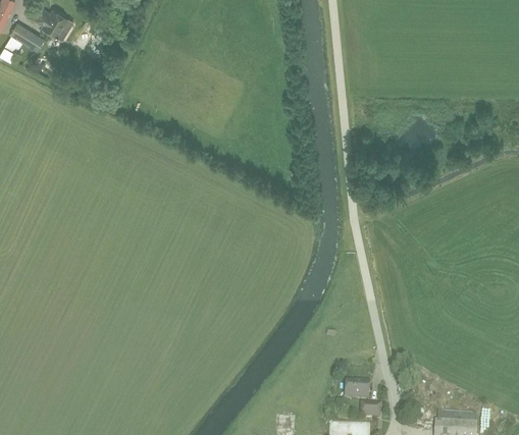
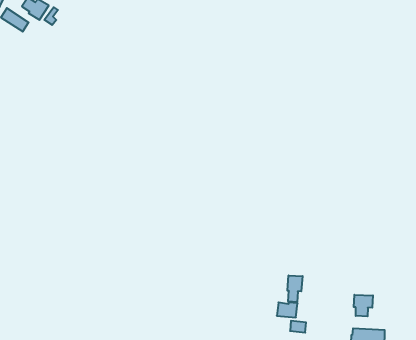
building: none -> [287,275,303,302]
building: none -> [354,295,373,316]

